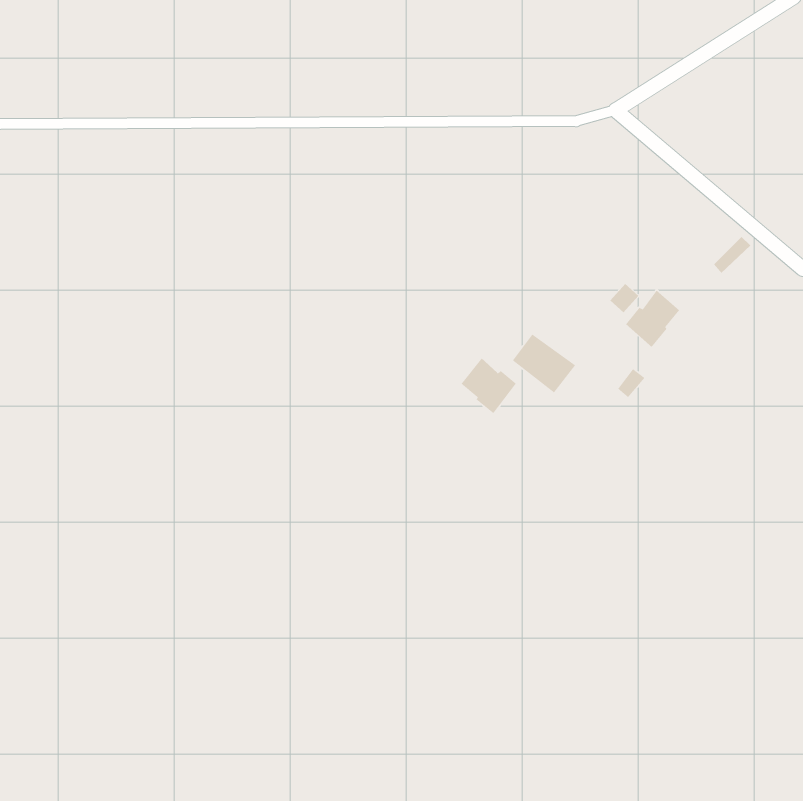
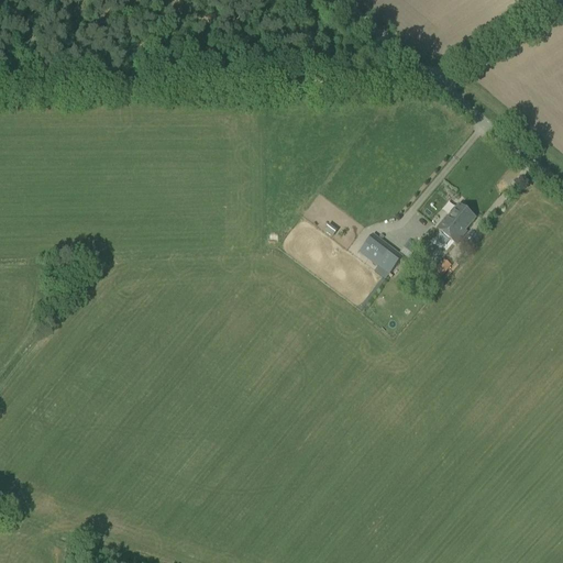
building: [461,357,517,414] -> none

